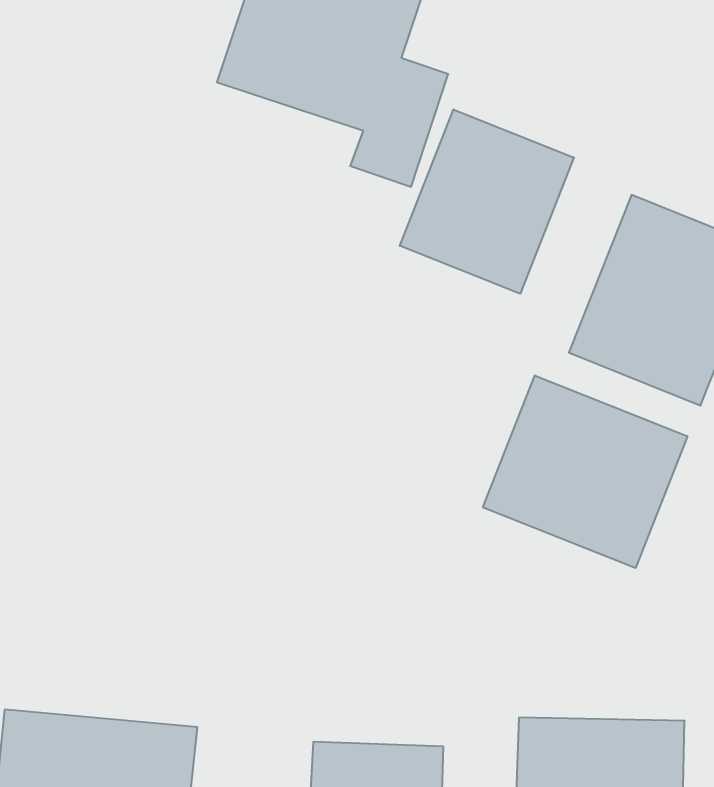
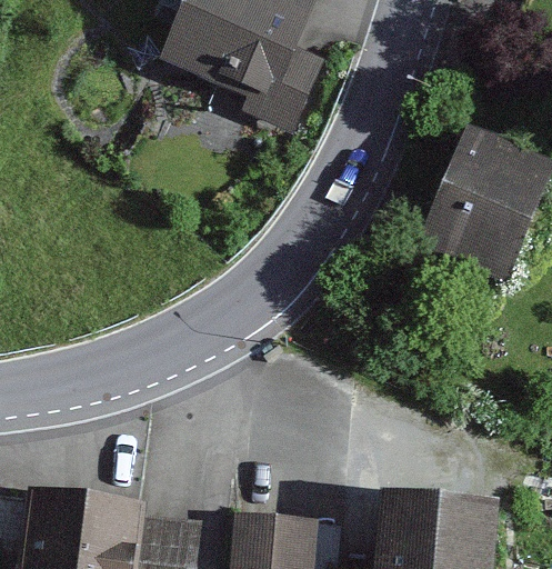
building: [400,109,574,294] -> none
building: [483,375,687,568] -> none

